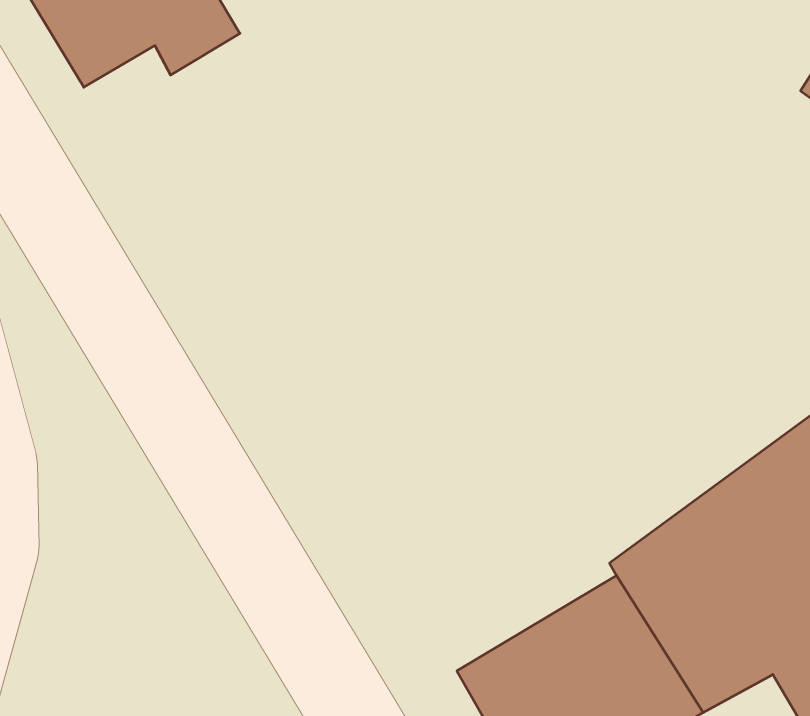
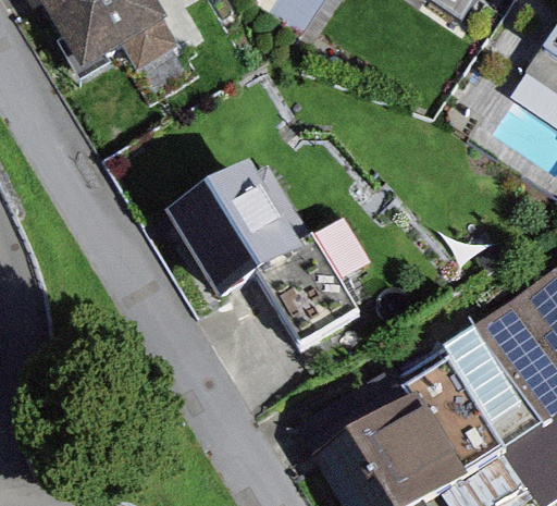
building: none -> [164,159,354,348]

